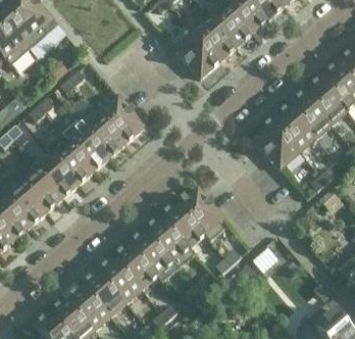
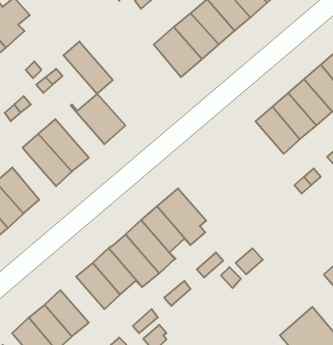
building: [78,105,125,156] -> [63,41,113,94]
building: [252,120,300,170] -> none
building: [36,152,79,197] -> none
building: [83,272,125,317] -> none

